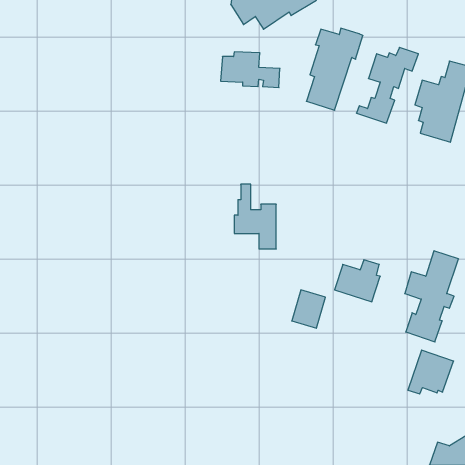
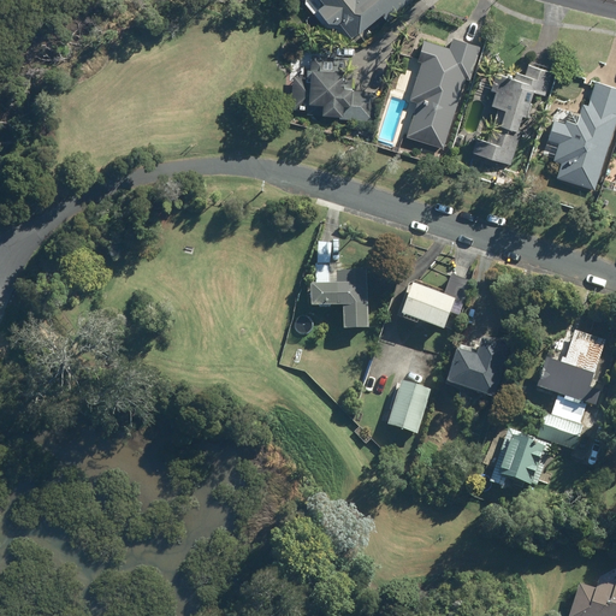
building: none -> [398,274,470,330]
building: [408,350,454,394] -> [491,431,551,488]

